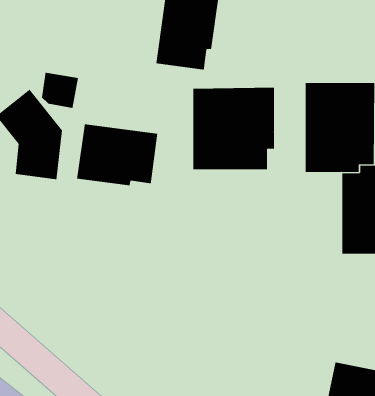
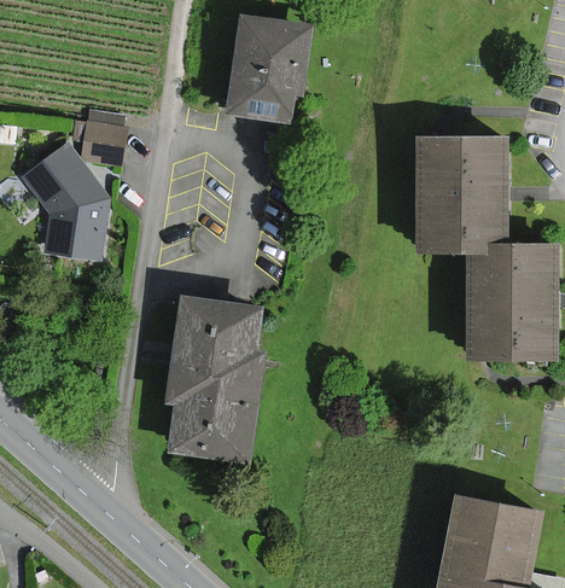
building: [193,87,274,170] -> none
building: [77,124,158,186] -> none
building: none -> [165,292,264,465]

